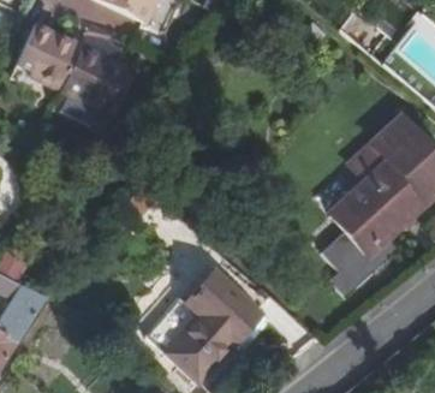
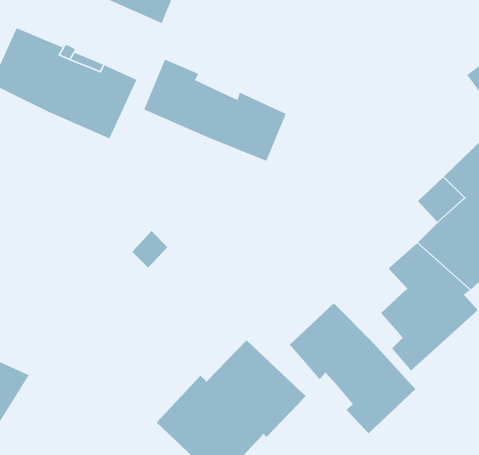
building: none -> [143,59,287,162]
building: none -> [289,302,416,434]

